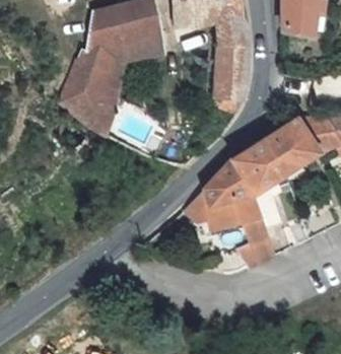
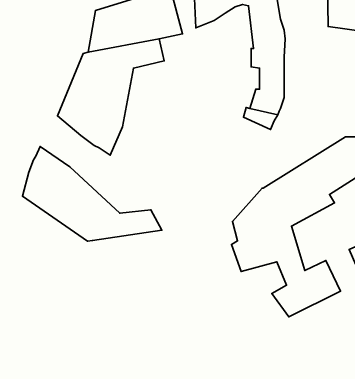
building: none -> [23,147,162,241]

